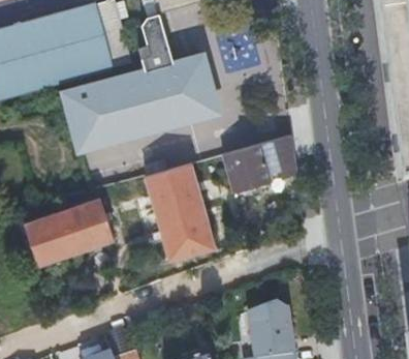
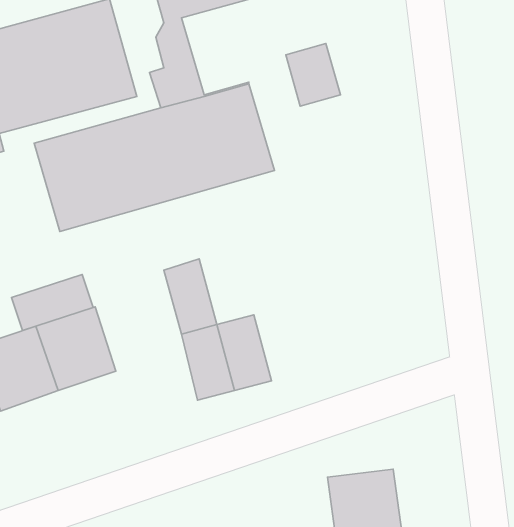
building: [223,132,294,190] -> none
building: [167,161,202,210] -> none
building: none -> [12,275,93,330]

